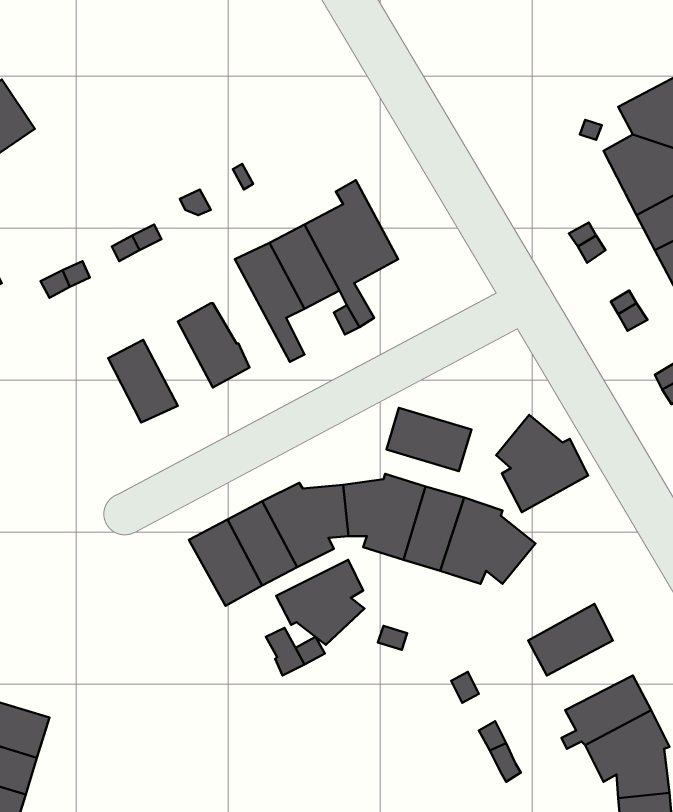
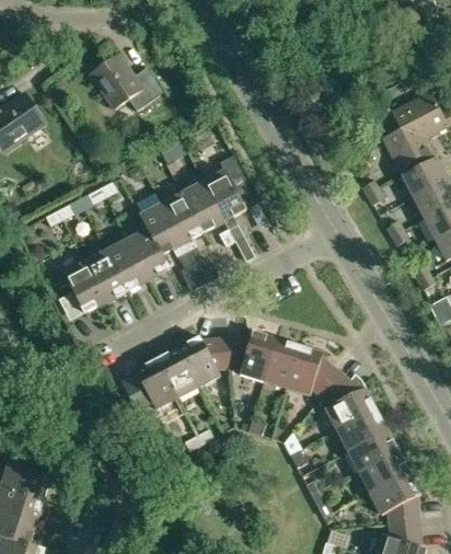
building: none -> [89,54,164,112]
building: none -> [139,203,194,268]
building: none -> [106,240,148,290]
building: none -> [56,262,105,318]
building: [386,408,471,471] -> none
building: [496,415,588,512] -> [321,372,375,430]
building: [276,560,364,645] -> none
building: none -> [347,430,398,472]

